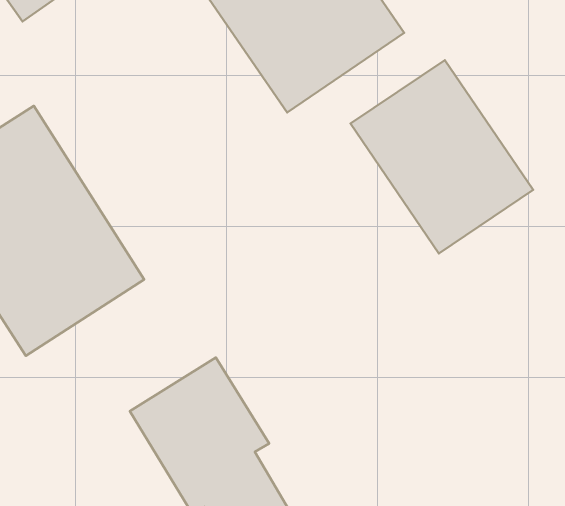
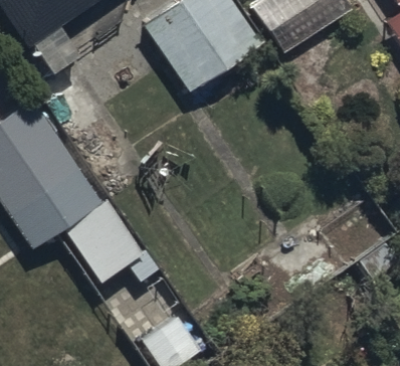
building: [351,60,533,253] -> none

